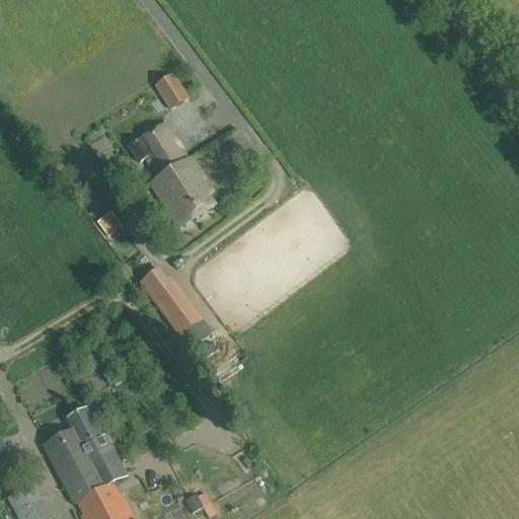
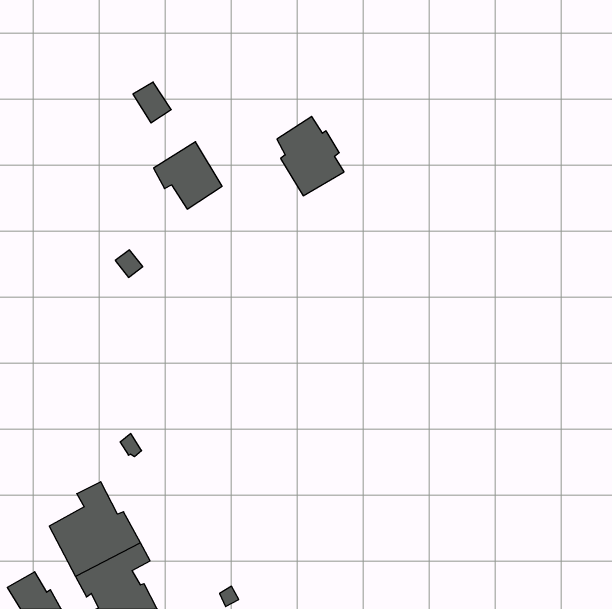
building: [155,73,188,107] -> [133,82,171,123]
building: [158,157,215,224] -> [277,116,344,196]
building: [140,269,201,336] -> none

